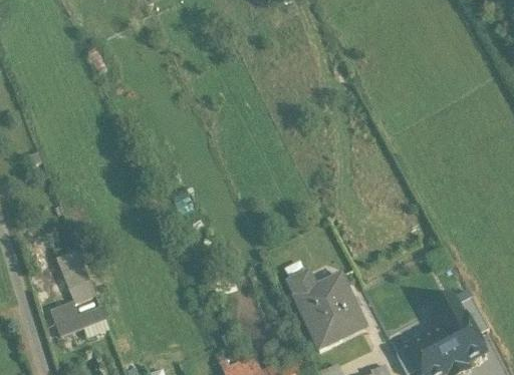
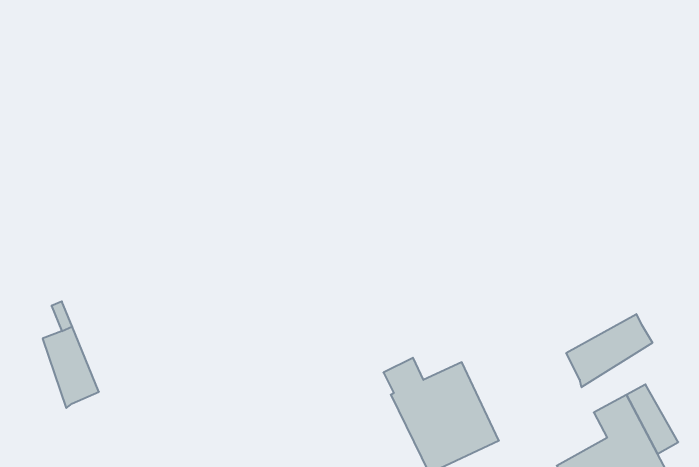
building: none -> [566,314,652,387]
building: [53,305,105,334] -> none

